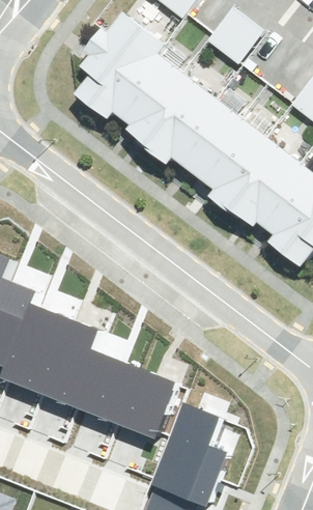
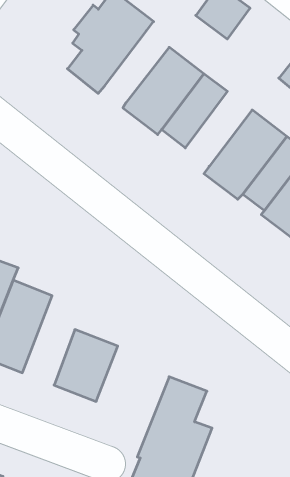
building: [117,53,182,125] -> none
building: [199,114,266,190] -> none
building: [34,320,96,410] -> none
building: [109,371,171,443] -> none

